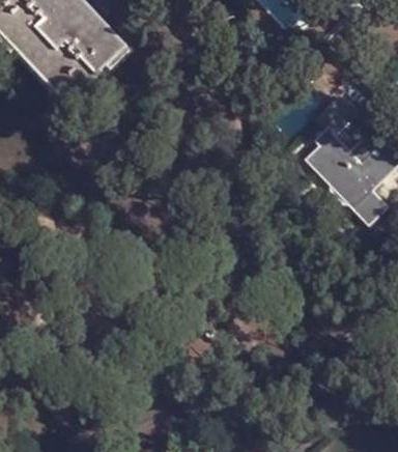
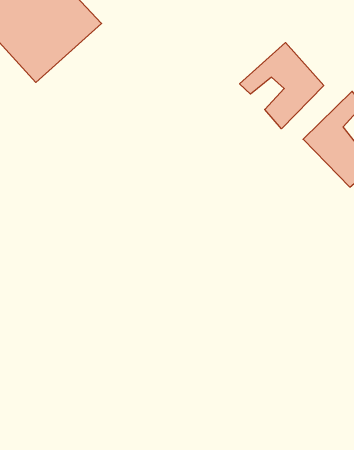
building: none -> [240,43,324,129]

